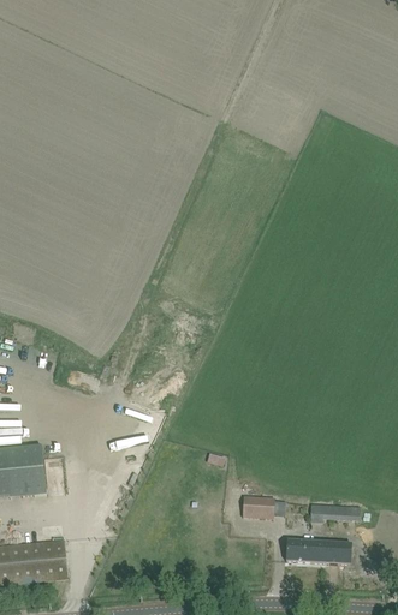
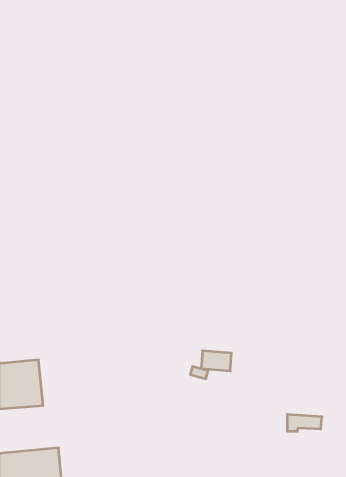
building: [243,496,275,518] -> [201,351,231,371]
building: [286,539,352,563] -> none

